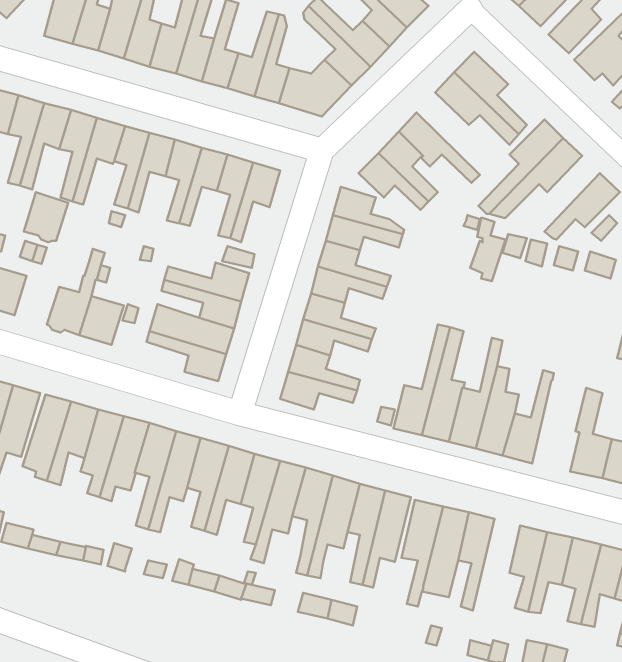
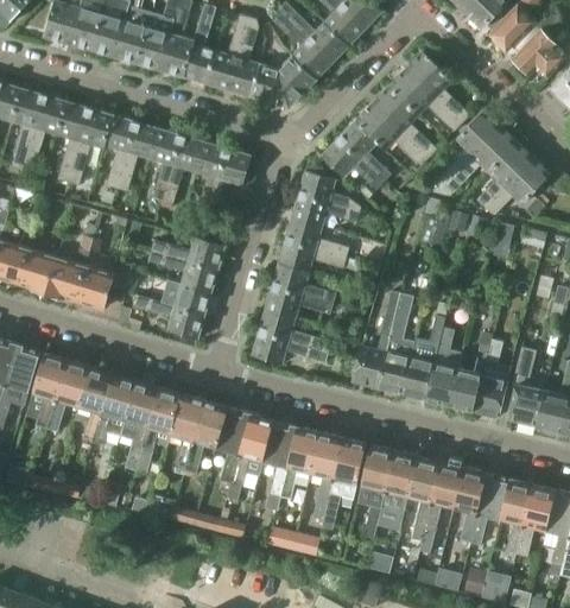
building: none -> [372,87,437,159]
building: none -> [476,142,533,209]
building: [24,192,68,242] -> [18,248,57,292]
building: none -> [474,340,511,419]
building: none -> [419,462,463,553]

